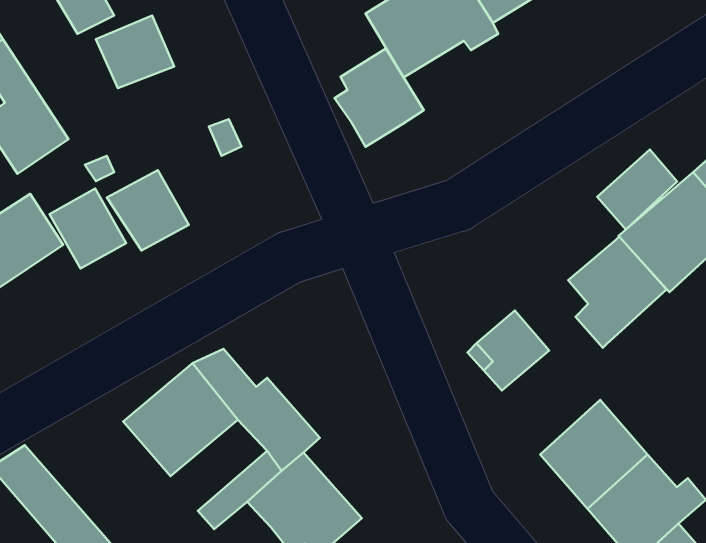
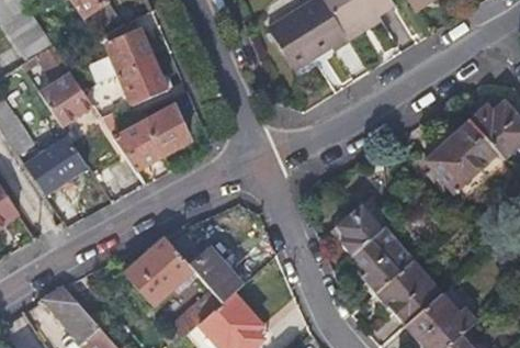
building: [335,48,424,147] -> none
building: none -> [121,59,167,103]
building: [597,149,677,229] -> none
building: [50,189,126,269] -> [145,106,191,155]
building: [568,237,667,348] -> [352,228,411,295]

